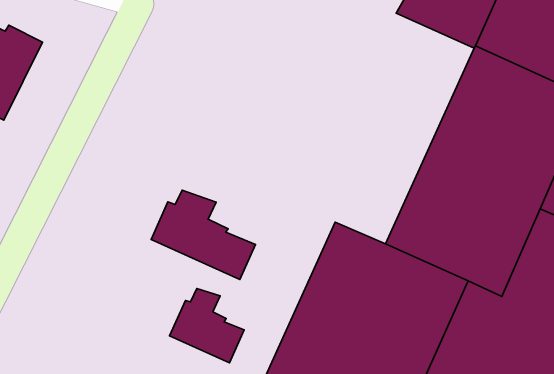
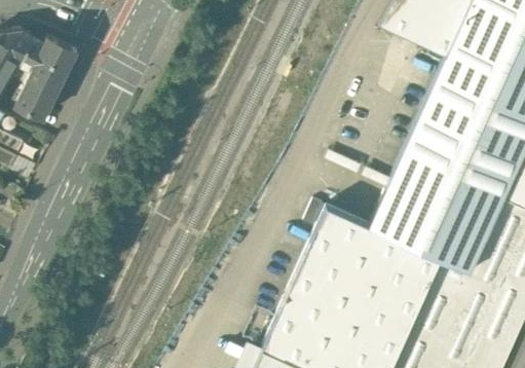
building: [151,190,255,279] -> none
building: [170,288,244,363] -> none

